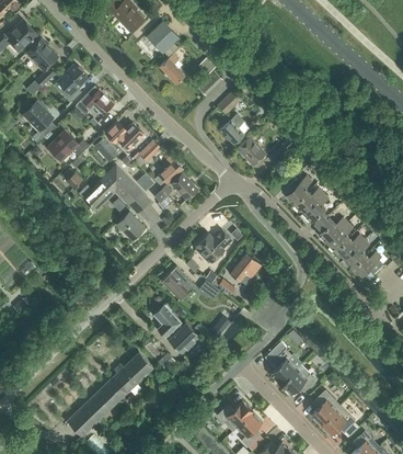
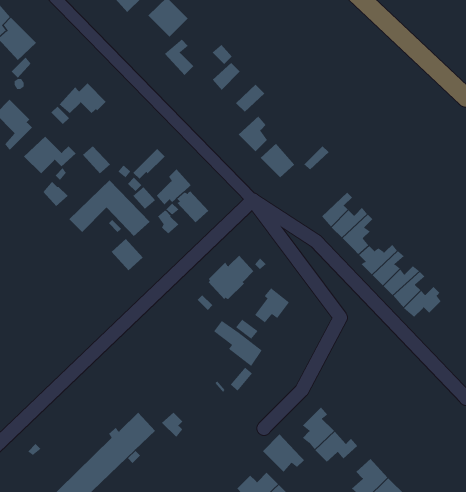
building: [59,66,87,102] -> none
building: [104,118,143,148] -> none
building: [162,265,194,297] -> none
building: [154,305,199,353] -> none
building: none -> [262,433,305,472]

